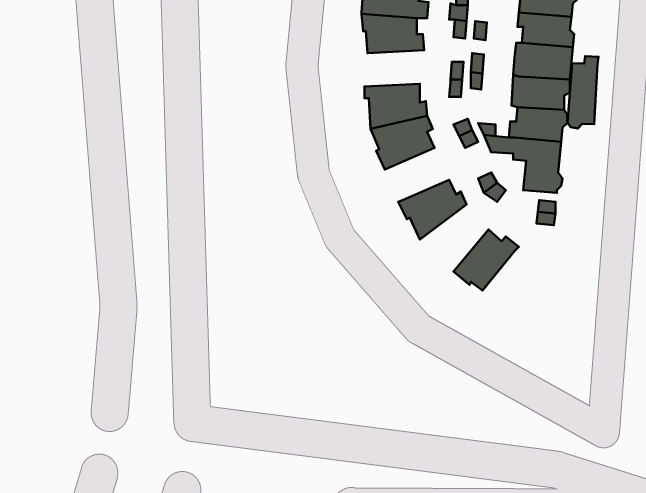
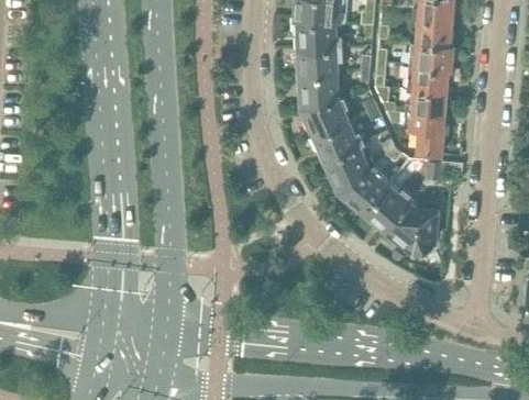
building: none -> [296,51,342,78]
building: [568,56,599,129] -> none
building: none -> [312,124,364,164]
building: none -> [339,167,390,218]
building: none -> [386,202,441,259]

